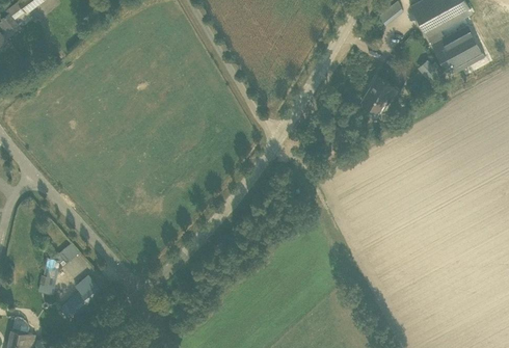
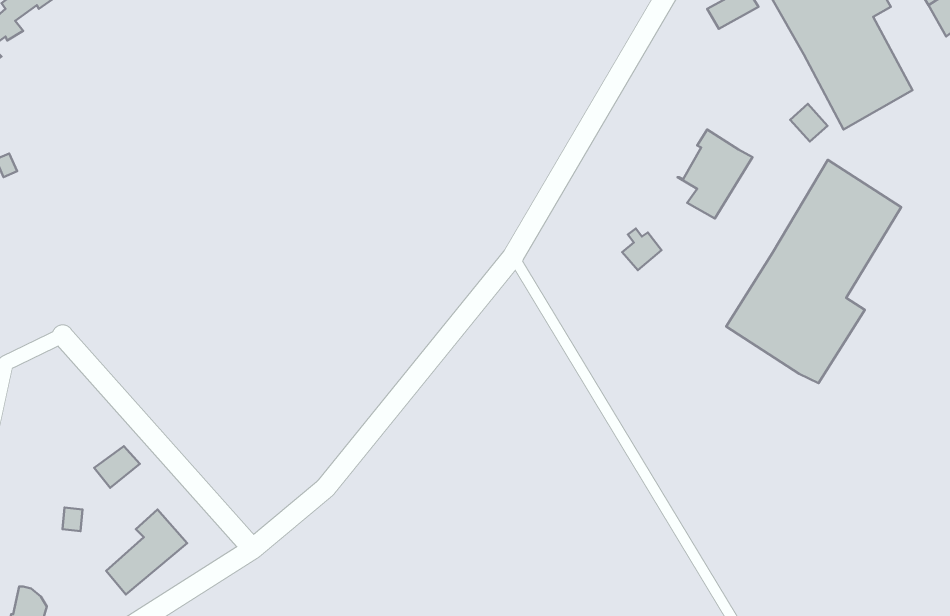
building: none -> [726,160,901,383]

